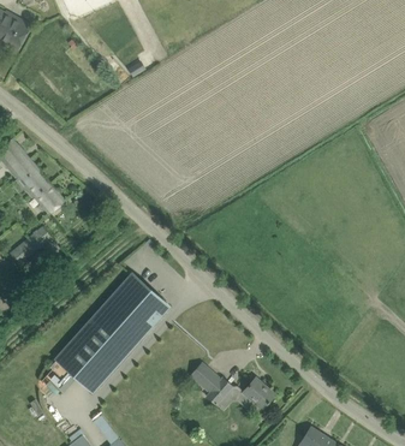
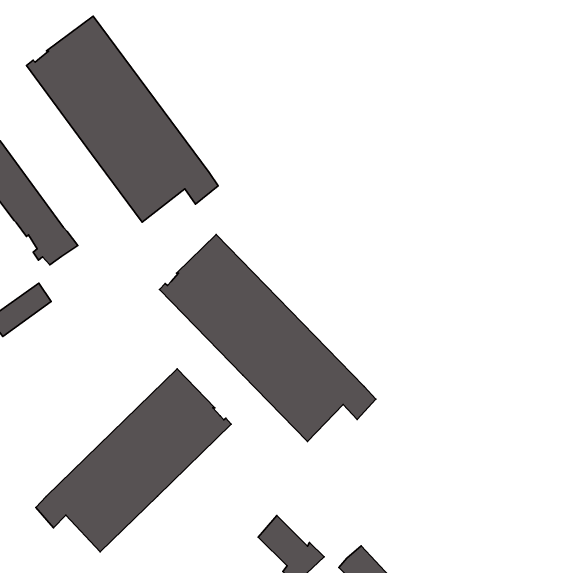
building: none -> [26,16,218,222]
building: none -> [160,234,376,441]

